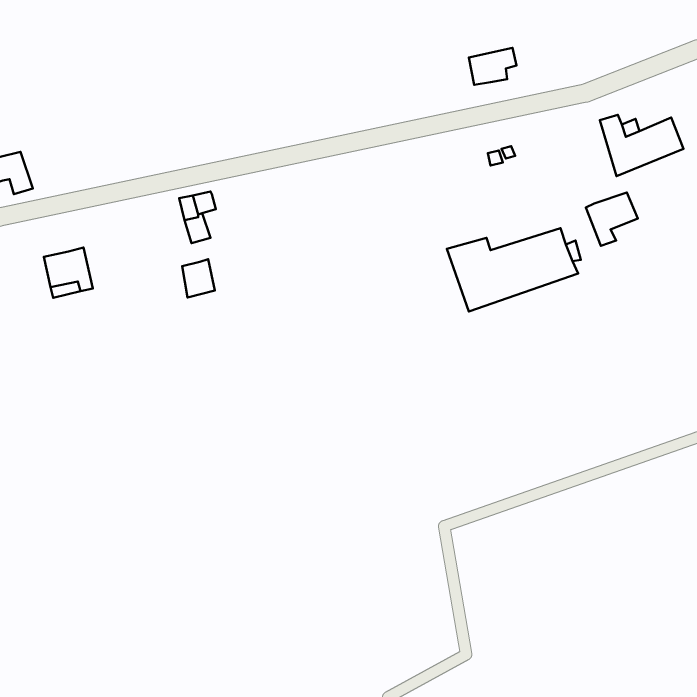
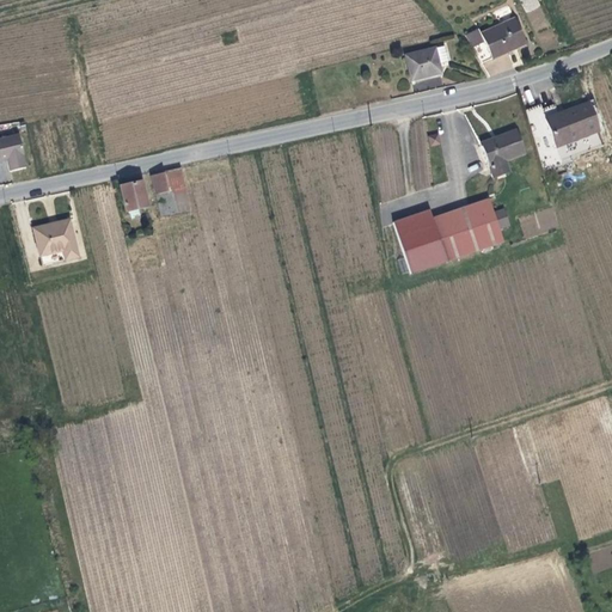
building: none -> [472,13,531,61]
building: [586,193,638,246] -> [481,131,526,178]
building: [182,259,215,297] -> [117,178,146,212]

